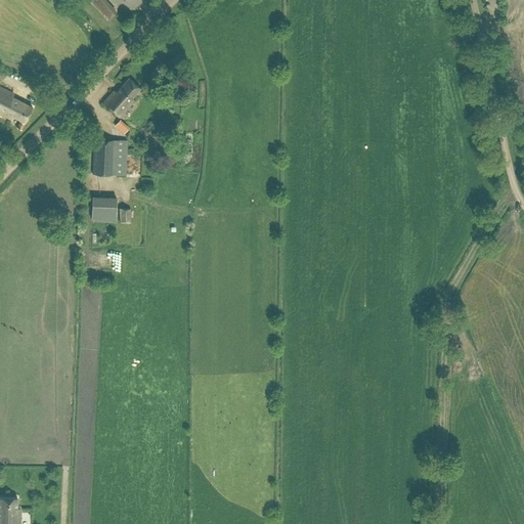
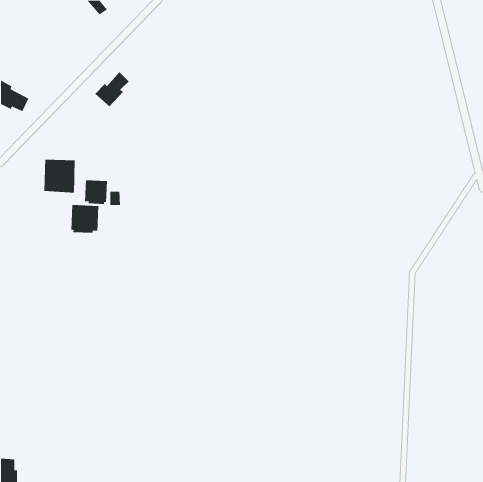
building: [92,140,127,177] -> [44,159,76,193]
building: none -> [71,204,99,234]

